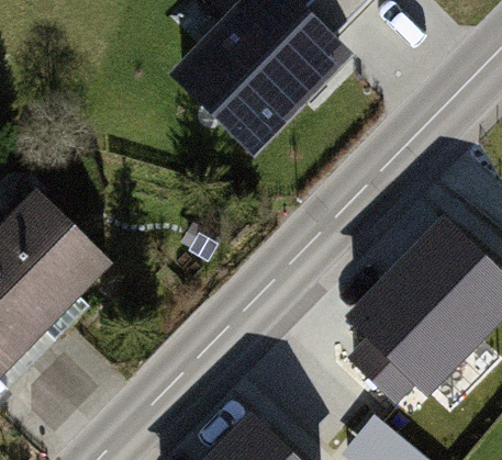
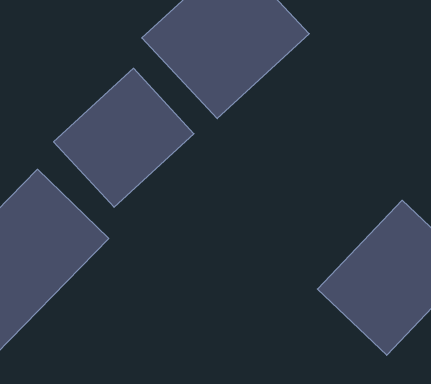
building: none -> [54,68,194,207]

